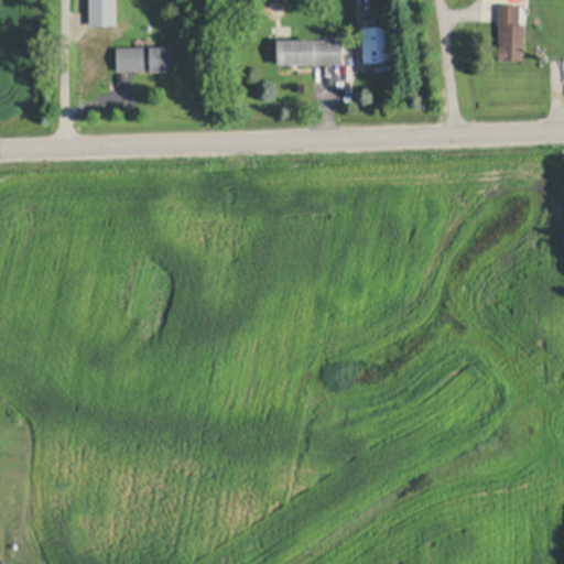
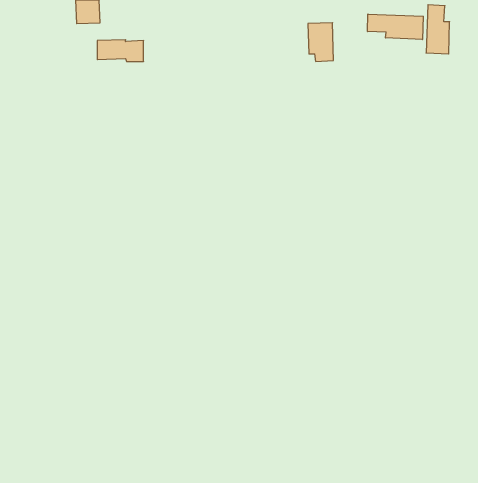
building: none -> [368,14,423,40]
building: [274,36,339,65] -> none

